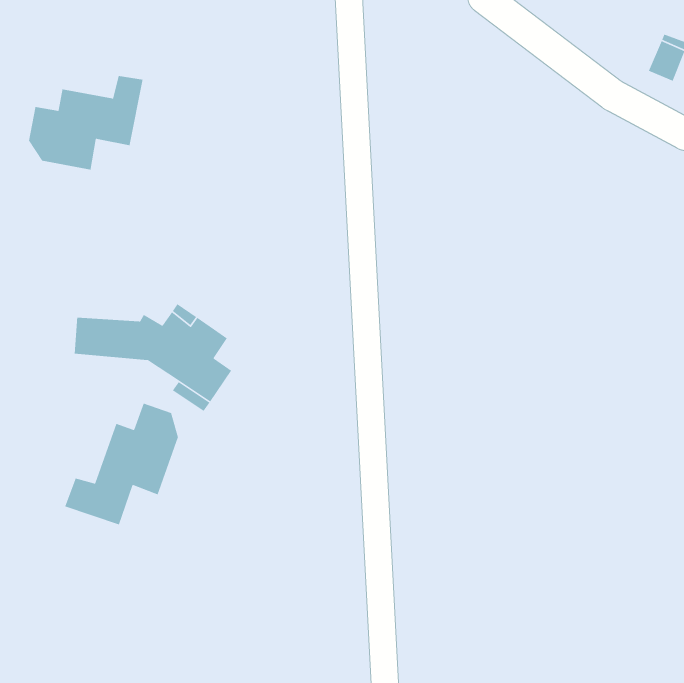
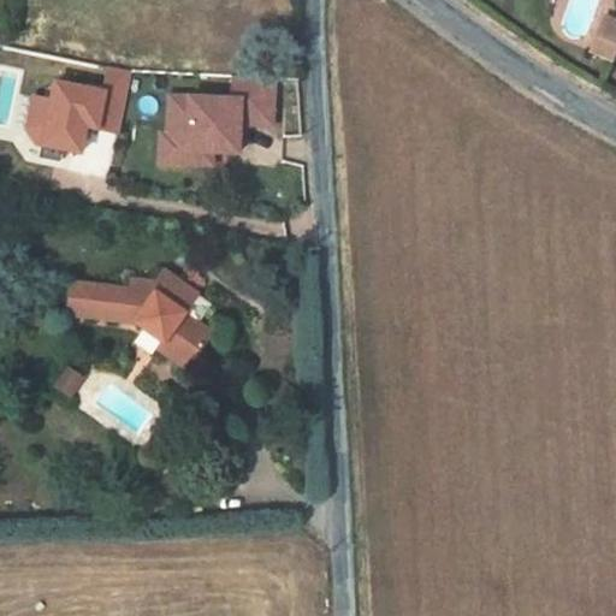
building: none -> [160,78,278,162]
building: [64,403,179,526] -> none

